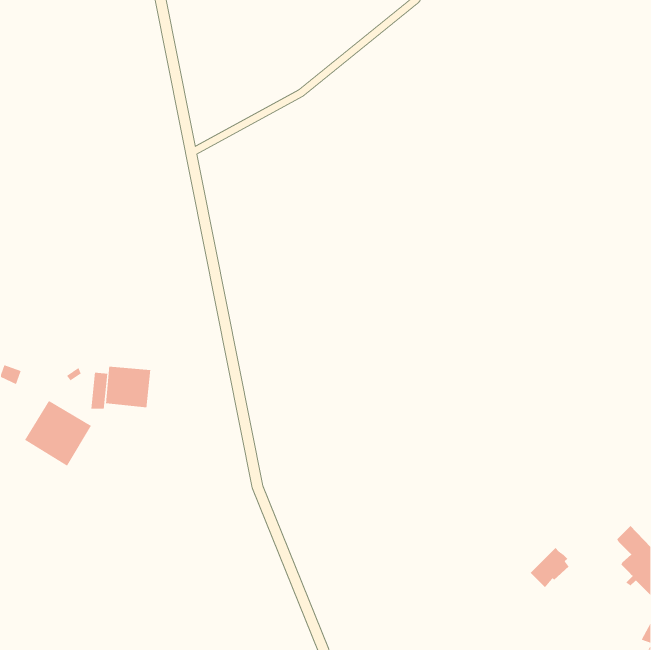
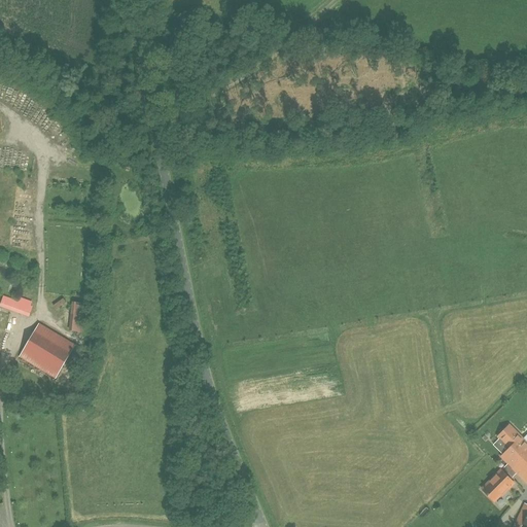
building: [106,366,151,408] -> none
building: [530,547,569,588] -> [482,467,514,500]

